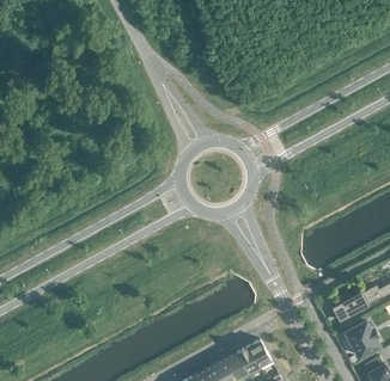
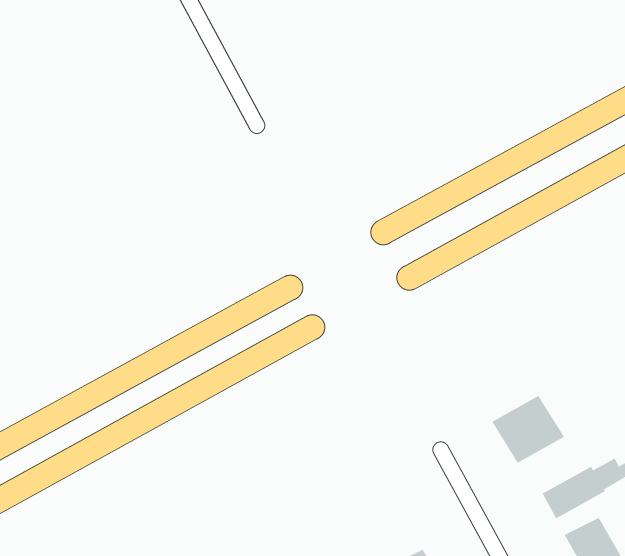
building: none -> [491,395,565,463]

